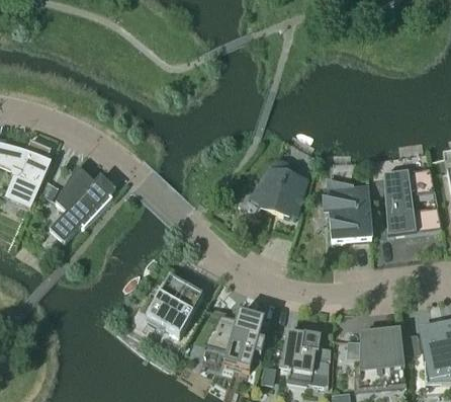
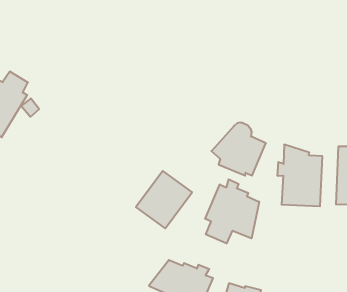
building: [50,164,115,243] -> none
building: none -> [205,179,259,243]
building: [146,275,202,335] -> [136,171,192,228]

